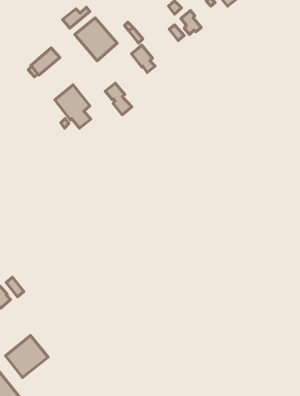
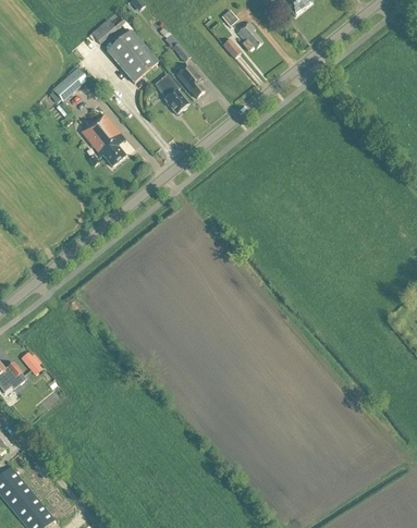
building: [105,83,132,115] -> [155,73,187,112]
building: [6,335,48,377] -> none

